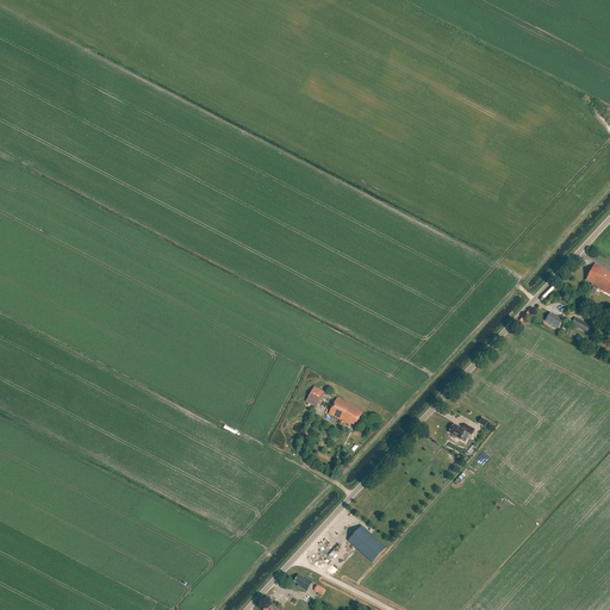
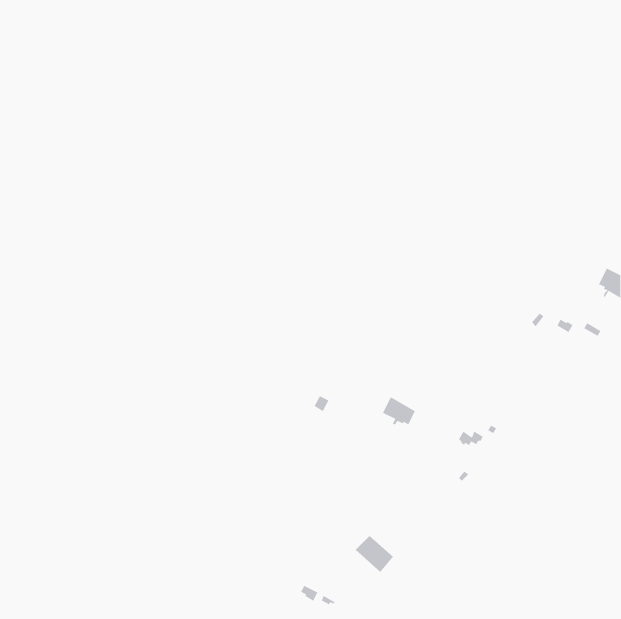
building: [329,396,362,424] -> [382,396,416,425]

